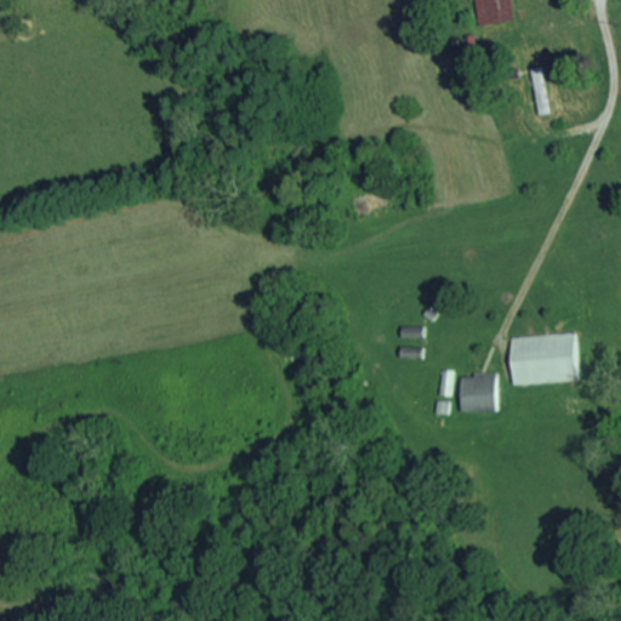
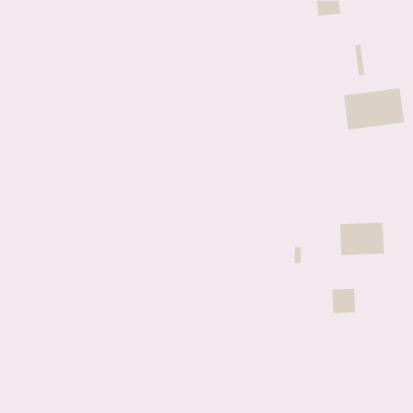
building: none -> [344,87,405,130]
building: [460,374,496,411] -> [332,288,356,313]

